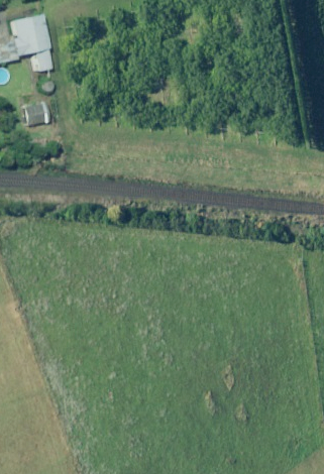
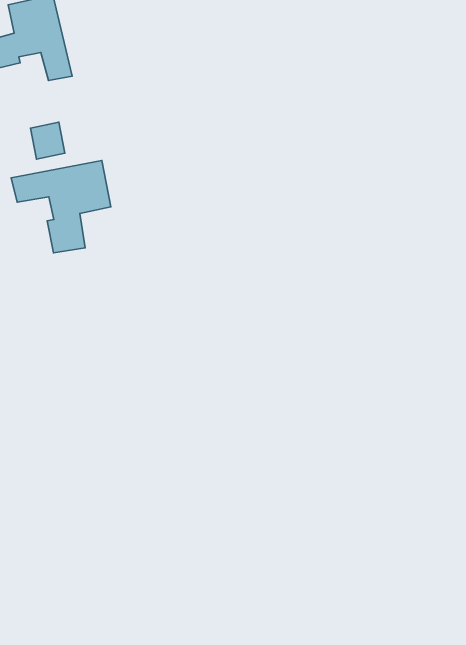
building: none -> [11,161,111,253]

